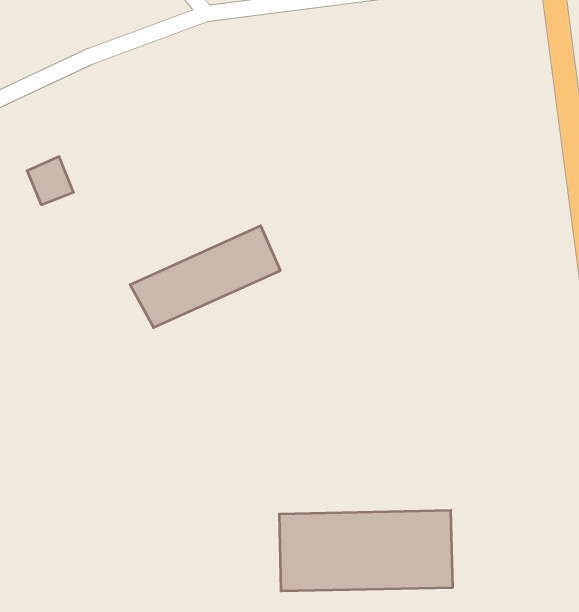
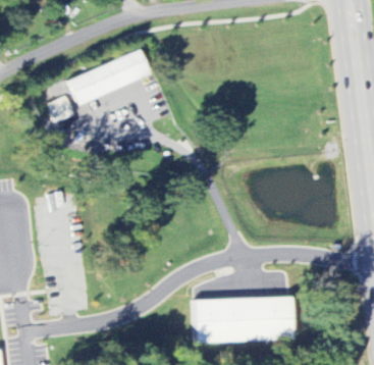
building: [130,226,280,328] -> [66,47,152,105]

